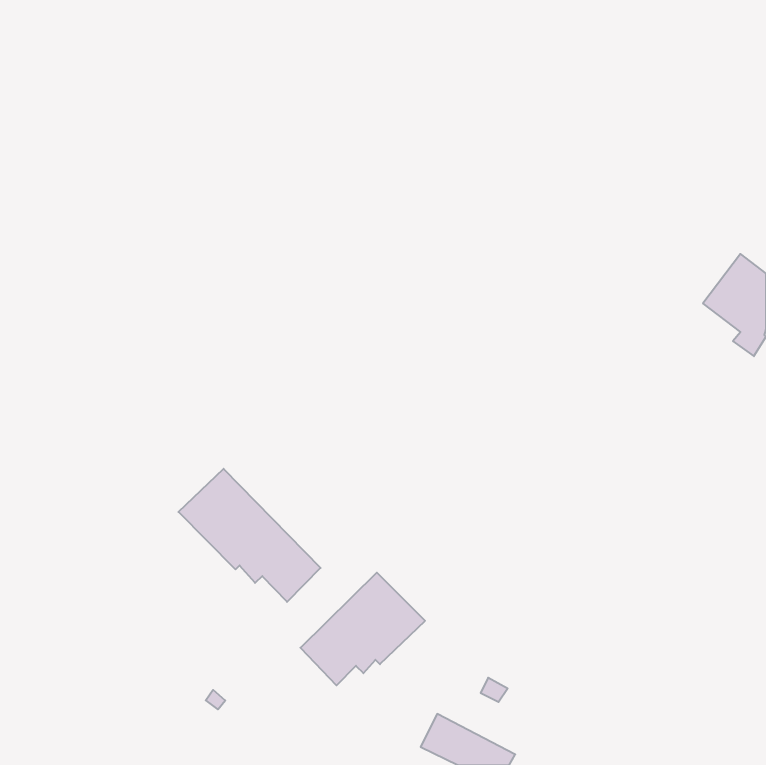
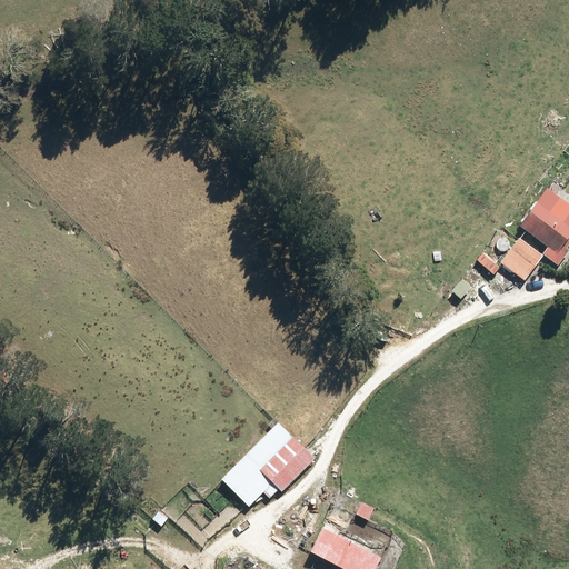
building: none -> [500,237,542,279]
building: [178,469,321,602] -> none

